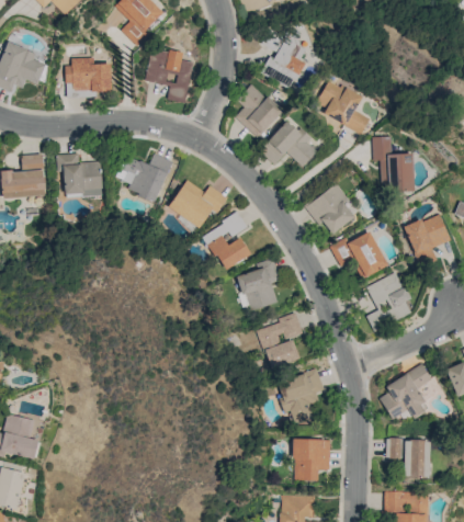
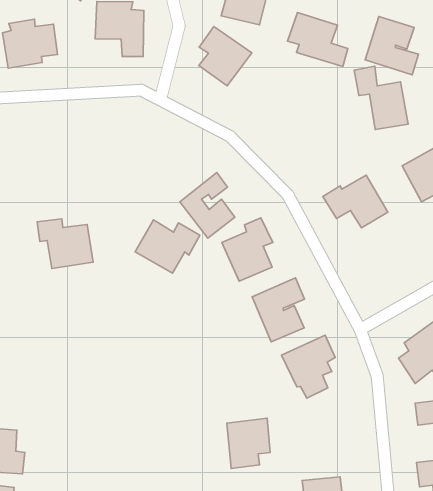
building: none -> [365,17,418,75]
building: [260,118,317,167] -> none
building: [57,154,102,196] -> [37,219,93,268]
building: [116,154,172,202] -> none
building: [168,179,227,228] -> [135,220,200,273]
building: [305,183,355,234] -> none
building: [365,272,411,330] -> none
building: [293,439,330,479] -> [227,418,270,468]

